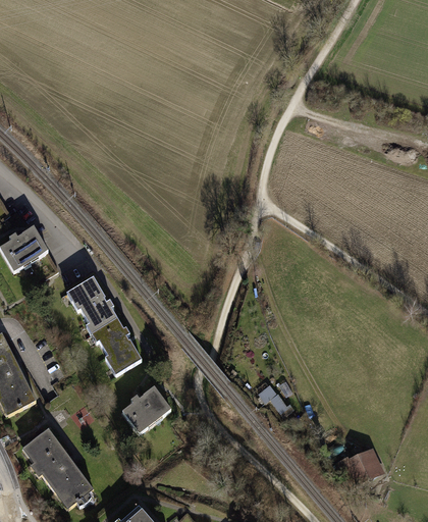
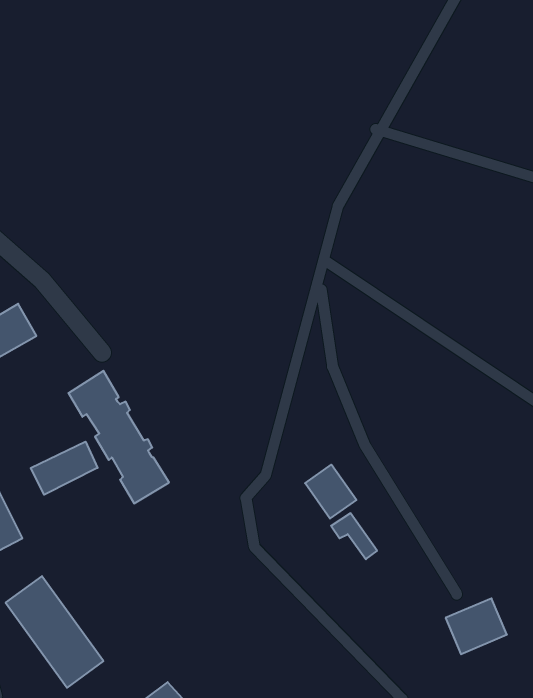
building: none -> [31,442,98,495]
building: none -> [305,465,356,519]
building: [121,385,171,433] -> none

